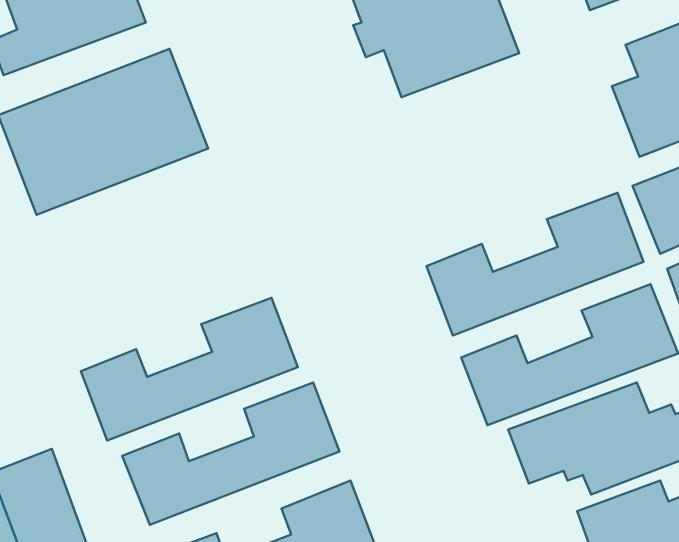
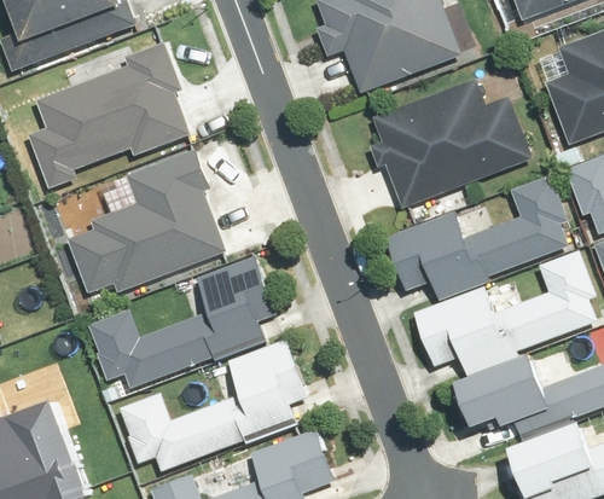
building: none -> [370,79,536,207]
building: none -> [60,155,226,311]

